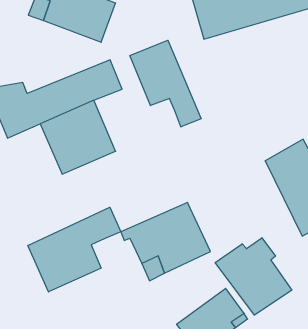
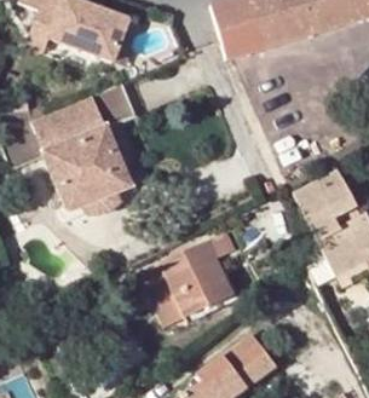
building: [130,40,201,127] -> none
building: [28,207,121,292] -> none
building: [215,238,292,315] -> none

